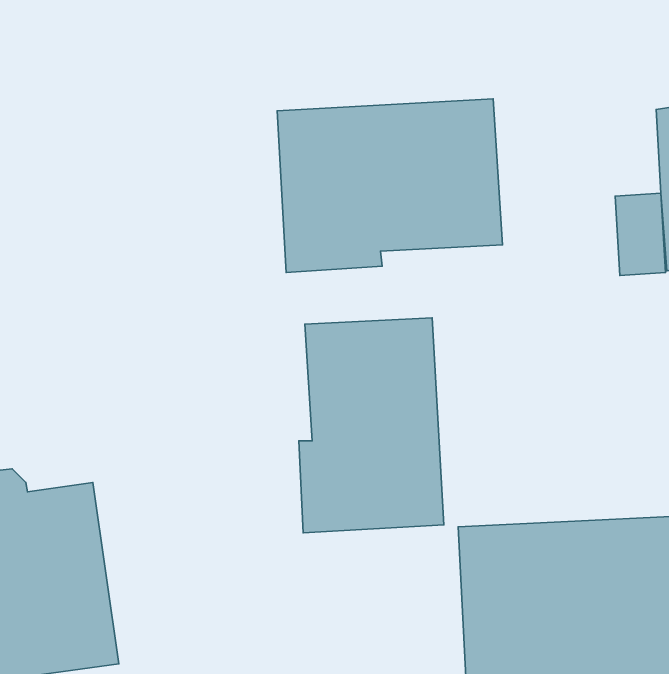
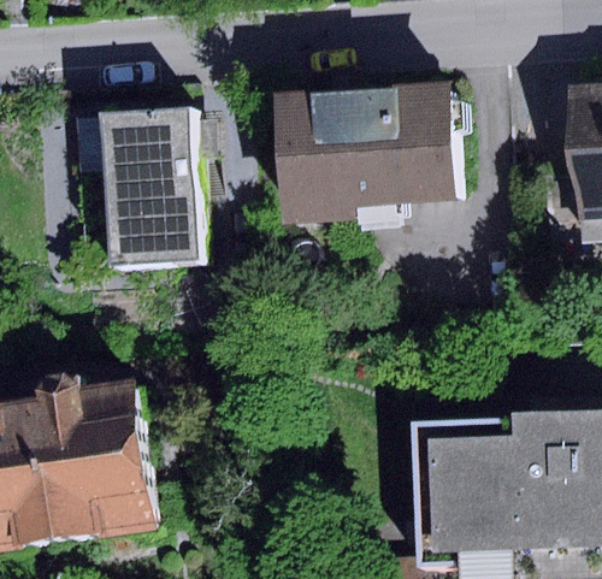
building: none -> [105,106,201,261]
building: [299,318,444,533] -> none

